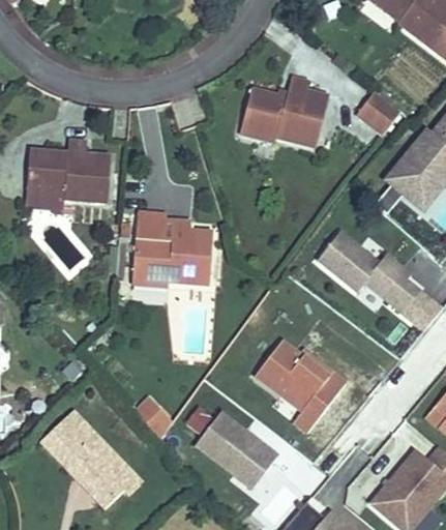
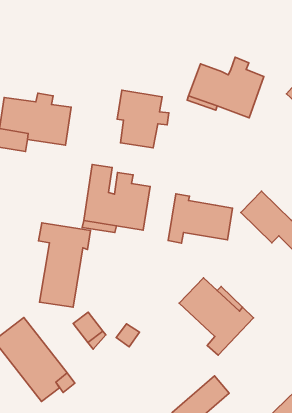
building: none -> [117,90,169,148]
building: none -> [168,194,232,243]
building: none -> [38,223,91,307]
building: [195,409,278,488] -> none

